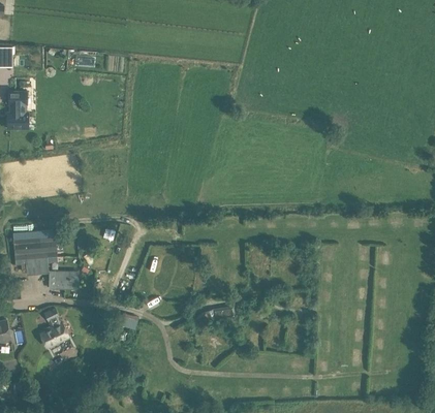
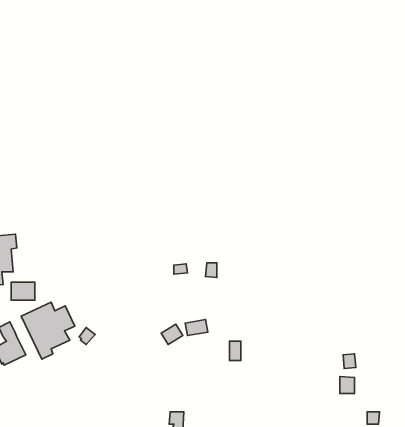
building: none -> [21,302,75,359]

